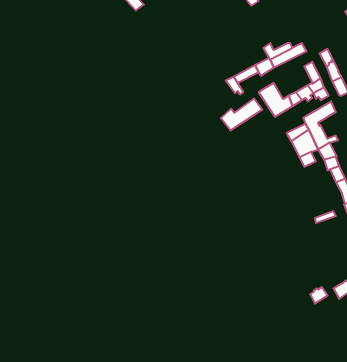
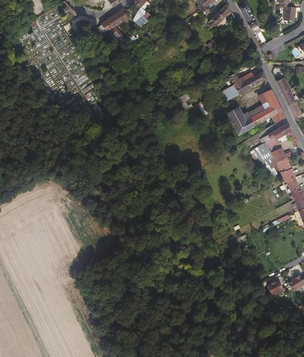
building: [221,98,262,131] -> none

